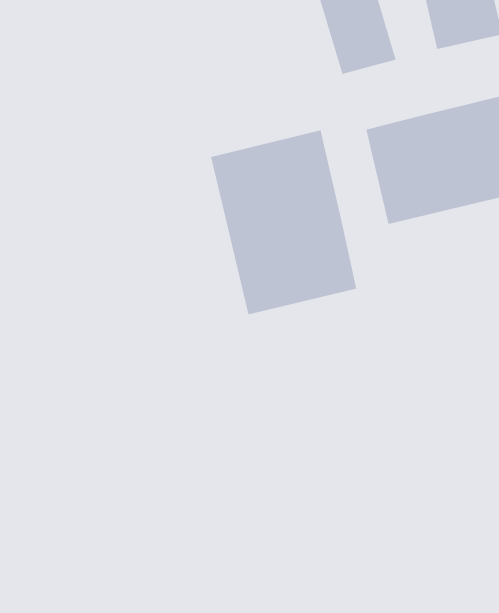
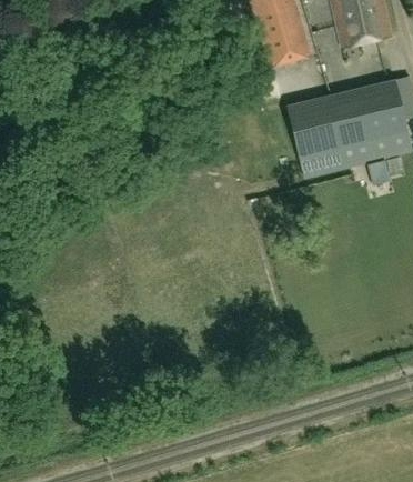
building: [211,130,357,315] -> none

